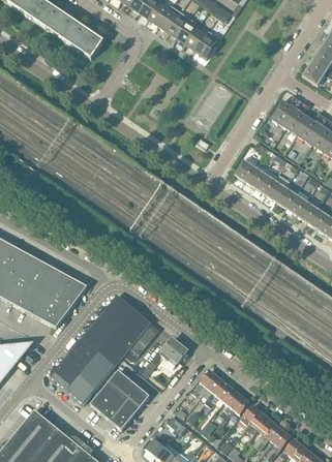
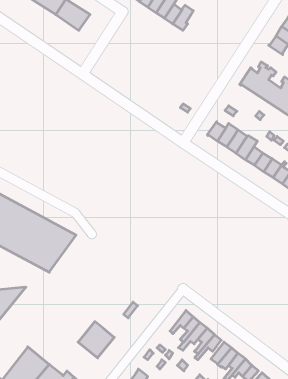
building: [50,295,159,403] -> none
building: [159,338,188,365] -> none
building: [109,370,150,430] -> none

